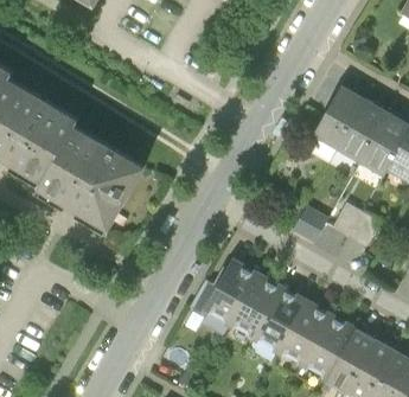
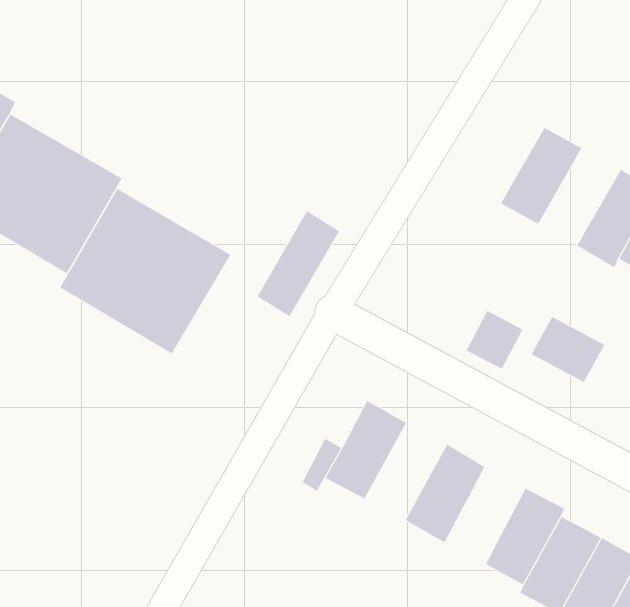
building: [338,102,389,162] -> none
building: none -> [257,210,340,317]
building: [230,273,281,333] -> none
building: [280,300,330,360] -> none

